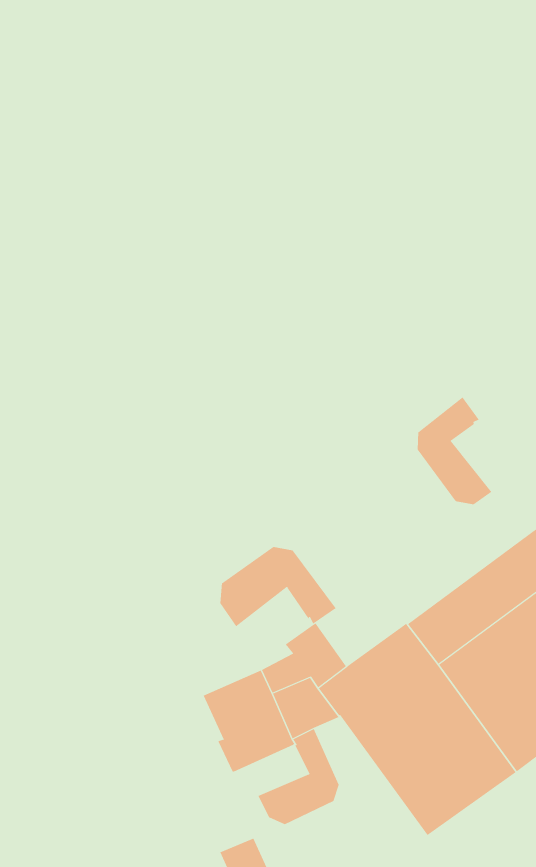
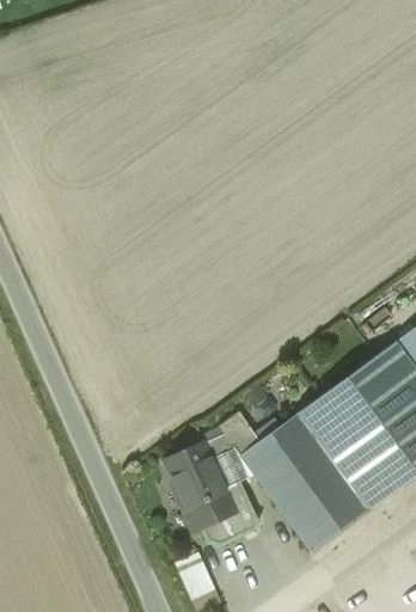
building: [417,397,492,505] -> none
building: [220,546,336,627] -> none
building: none -> [185,492,234,530]

